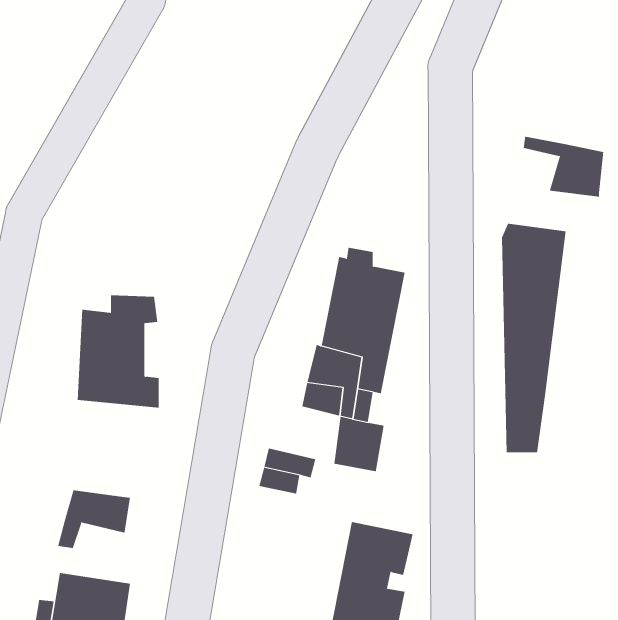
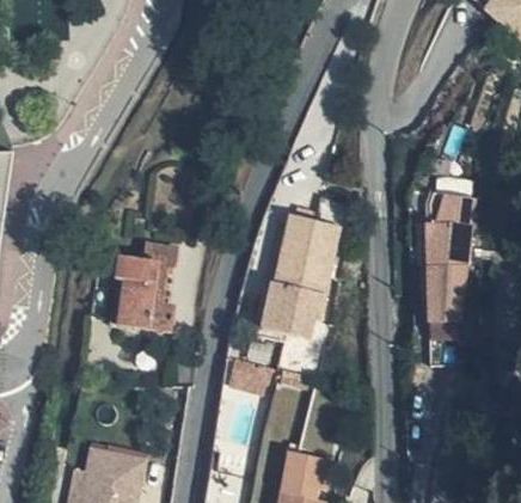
building: [523,136,604,198] -> none
building: [57,489,130,549] -> none

